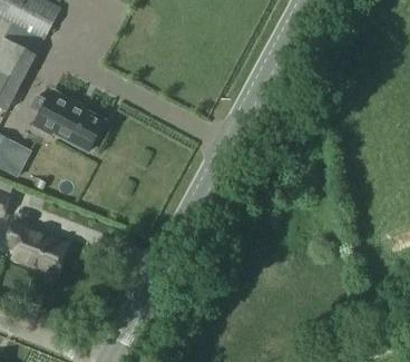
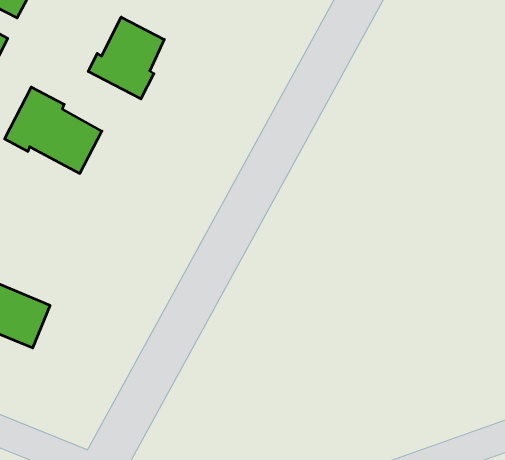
building: none -> [88,17,164,99]

